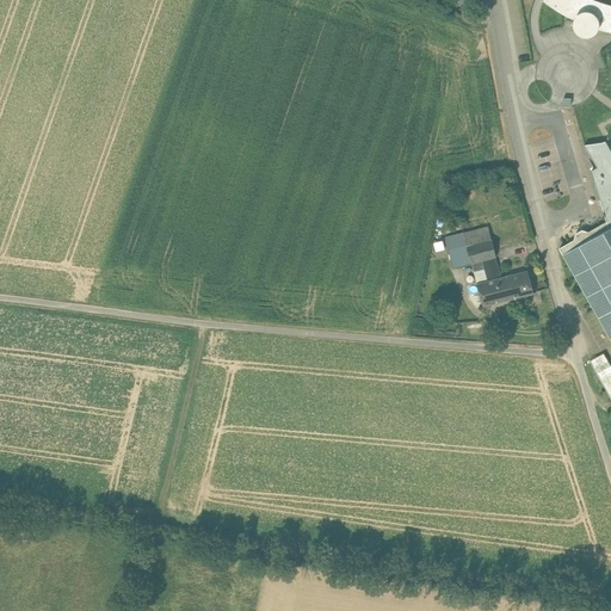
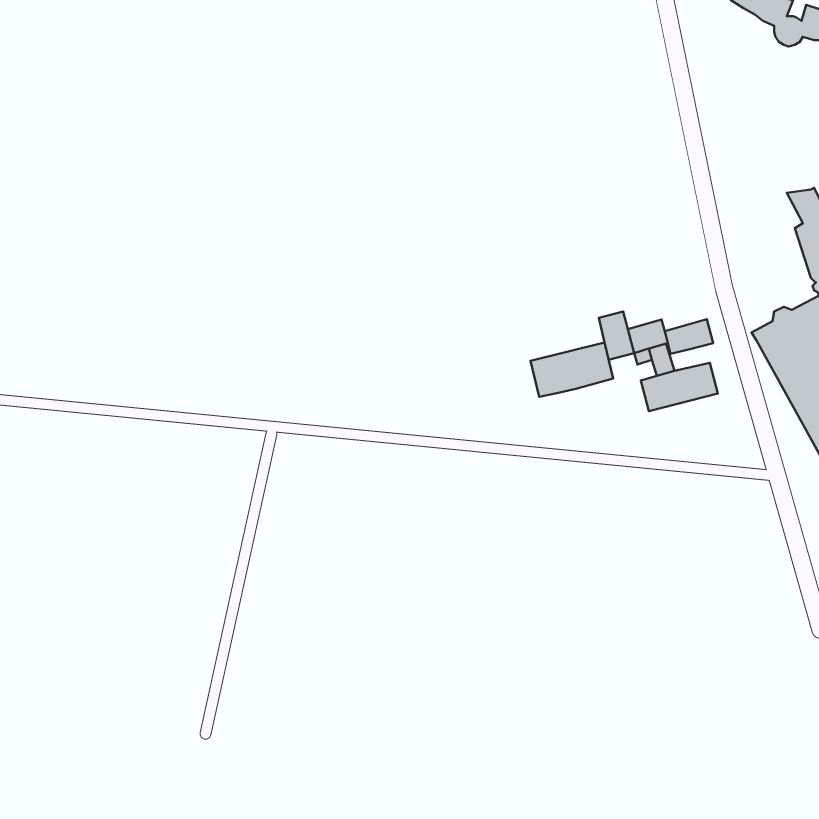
building: none -> [665,319,713,354]
building: none -> [531,342,613,397]

